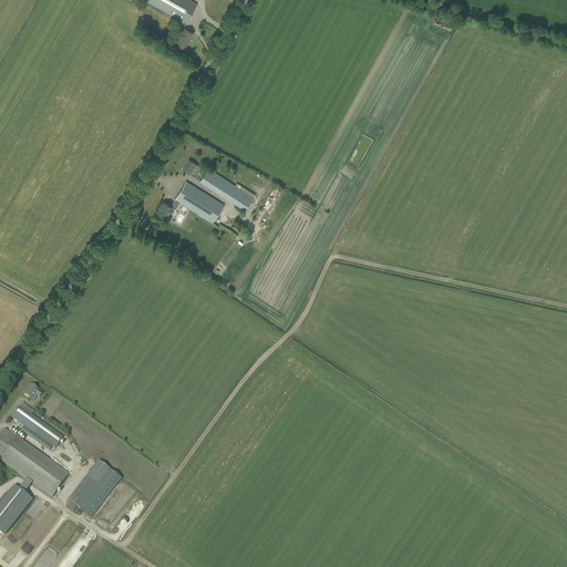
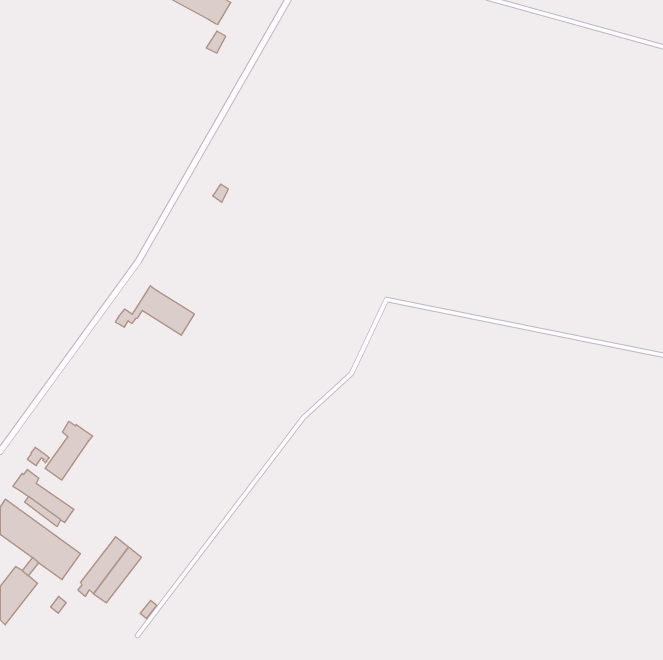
building: [199,167,255,208] -> none
building: [156,179,224,221] -> [115,286,194,335]
building: none -> [45,421,93,480]

